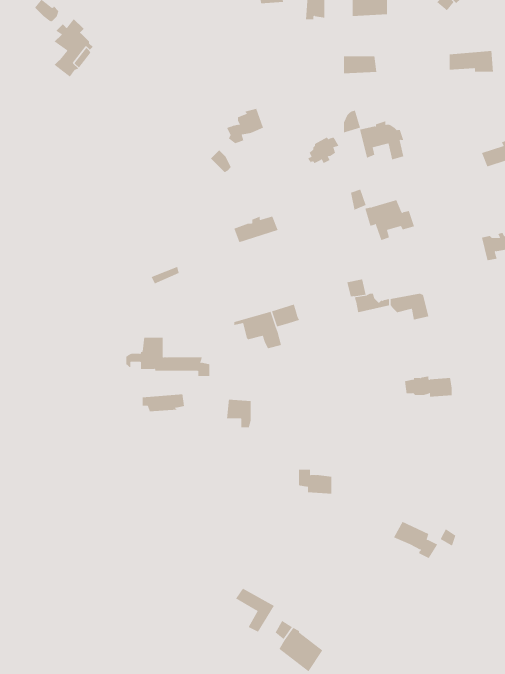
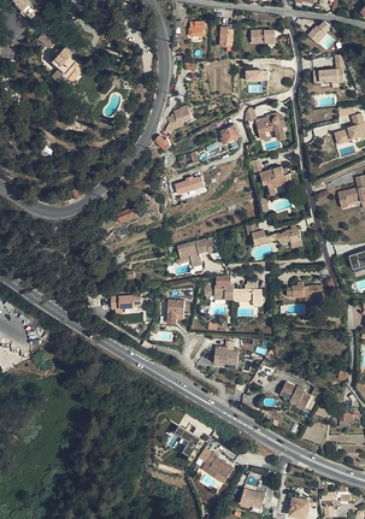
building: [126,337,210,377] -> [205,277,261,303]

